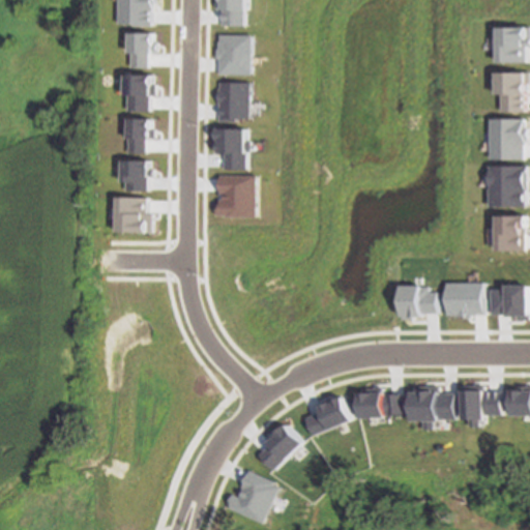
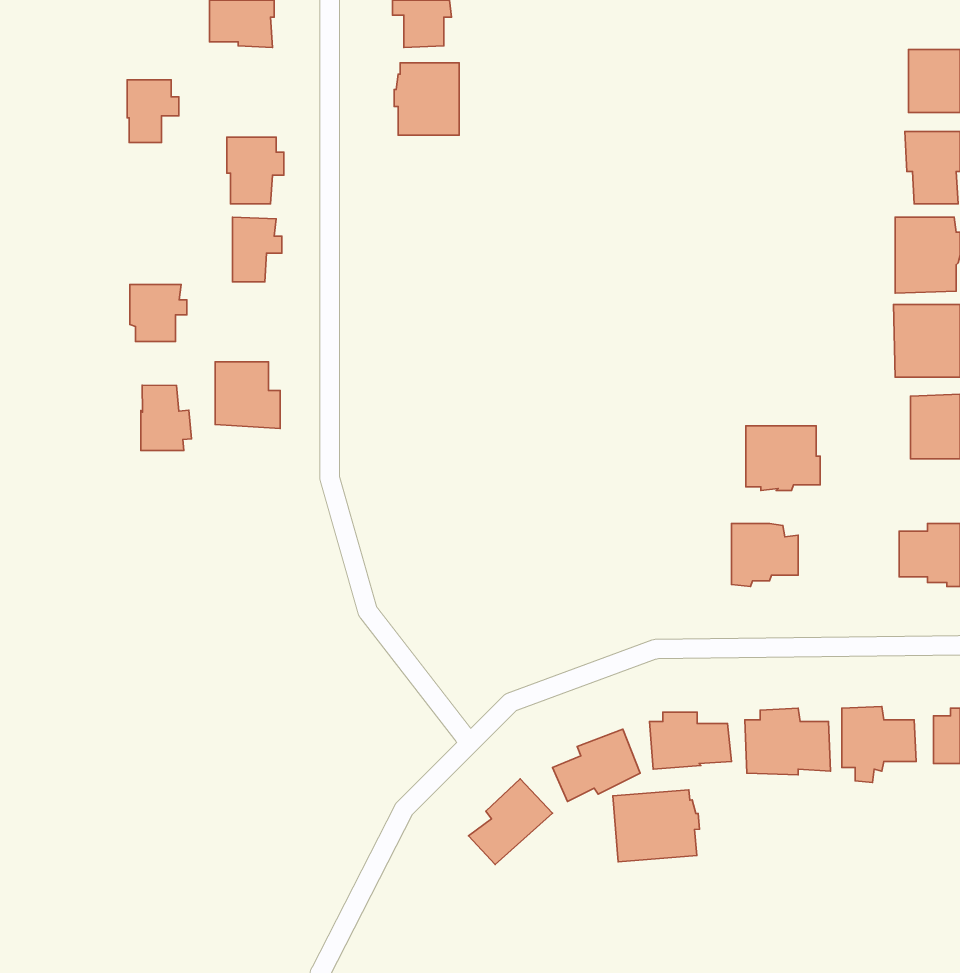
building: [126,32,154,66] -> [127,80,179,143]
building: [215,82,248,121] -> none
building: [212,127,249,169] -> none
building: [122,159,153,190] -> [130,285,187,342]
building: [215,175,255,216] -> none
building: none -> [141,385,191,451]
building: [443,282,483,317] -> [746,426,820,491]
building: none -> [613,790,700,862]
building: [225,470,277,523] -> none

